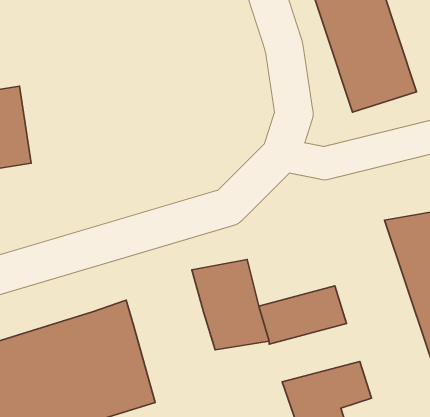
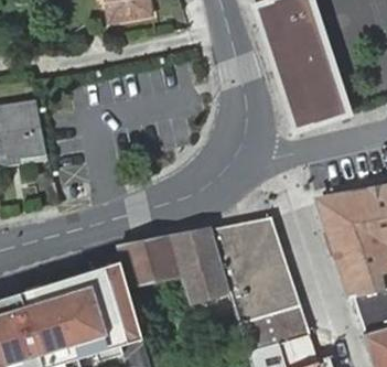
building: none -> [214,220,280,265]
building: none -> [119,237,181,279]
building: none -> [230,278,299,322]

